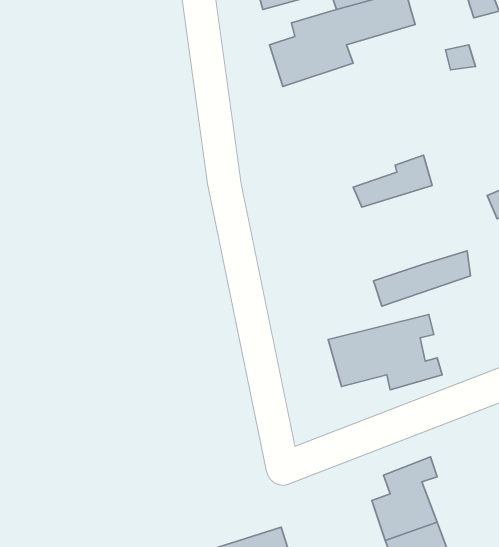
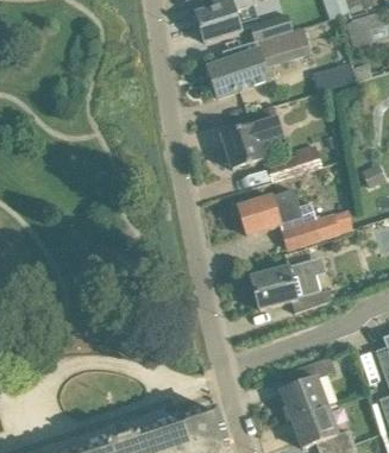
building: none -> [220,118,278,168]
building: none -> [237,188,316,233]

